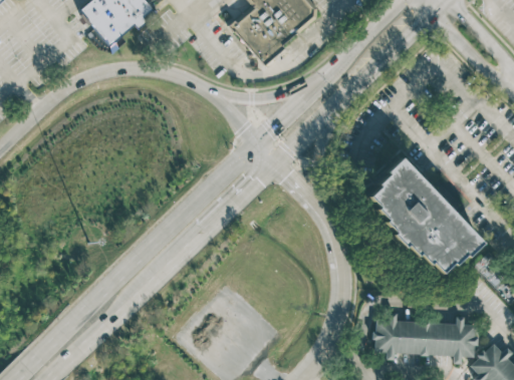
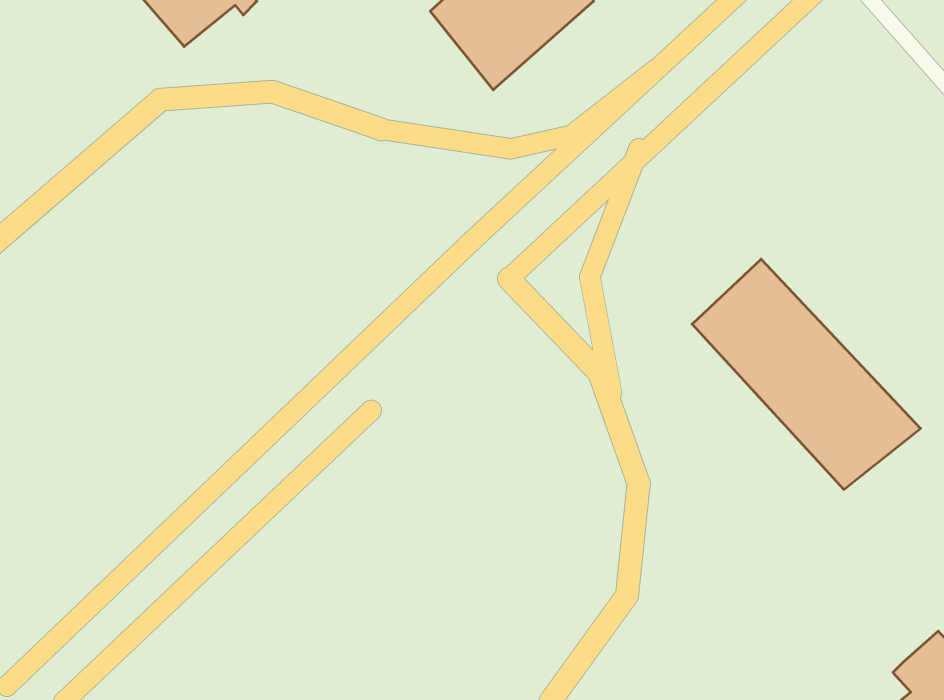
building: [371,309,476,363] -> none

